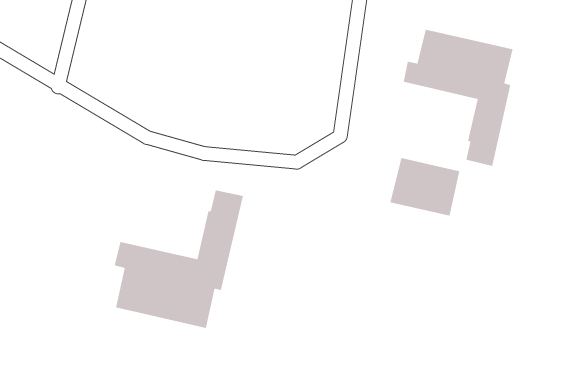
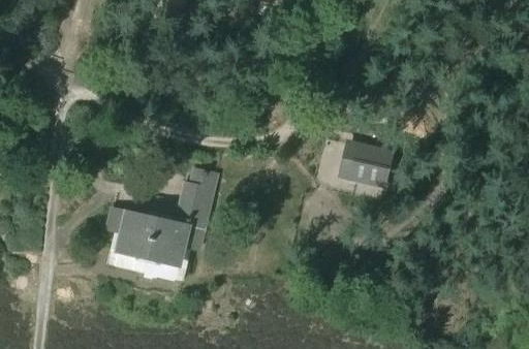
building: [403,29,513,167] -> none

